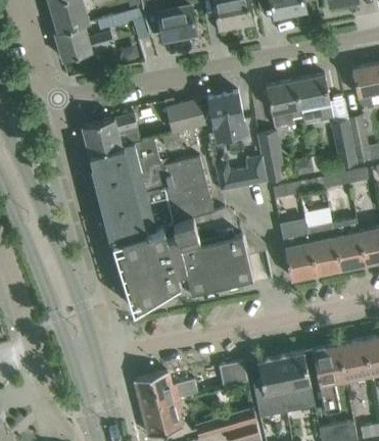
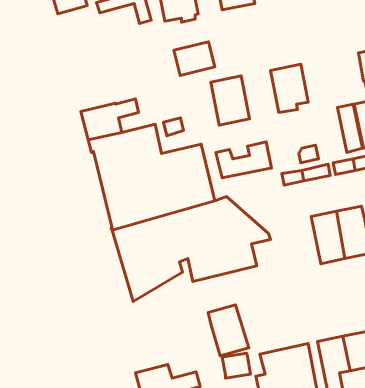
building: [55,24,113,60] -> none
building: [296,75,333,125] -> none
building: [165,100,205,133] -> [174,42,215,75]
building: [258,132,285,182] -> none
building: [280,218,316,280] -> none
building: none -> [208,305,249,356]

